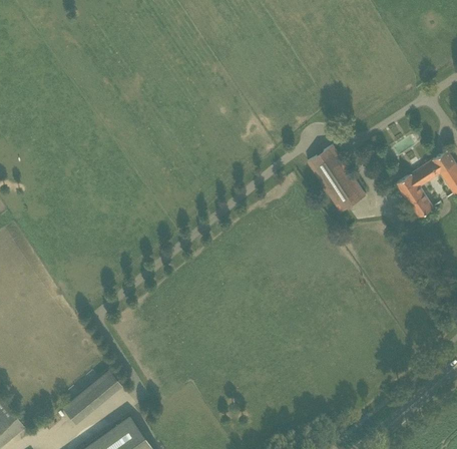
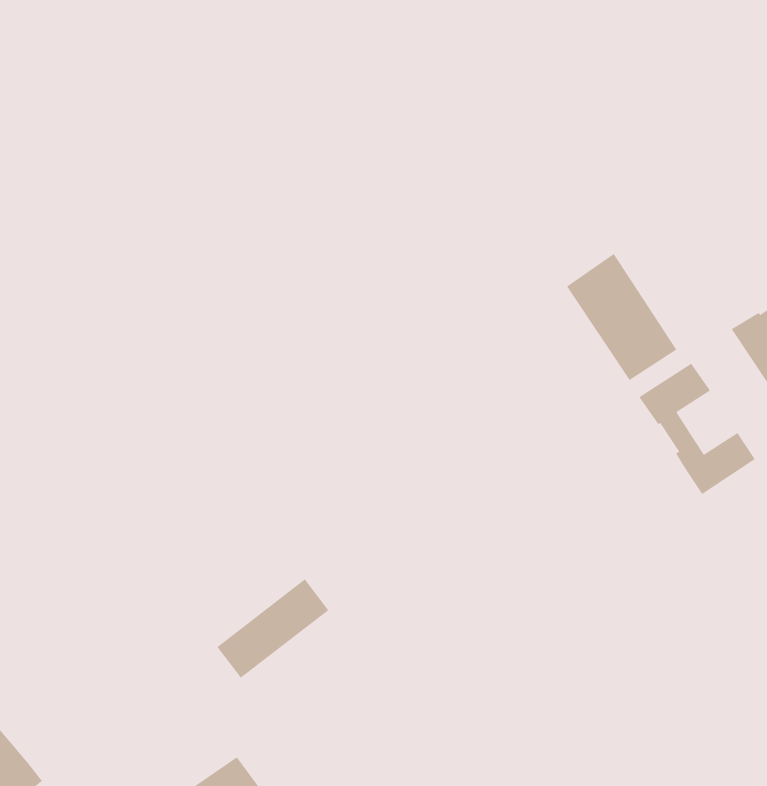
building: none -> [638,363,756,495]
building: [59,370,120,424] -> [216,579,329,679]

